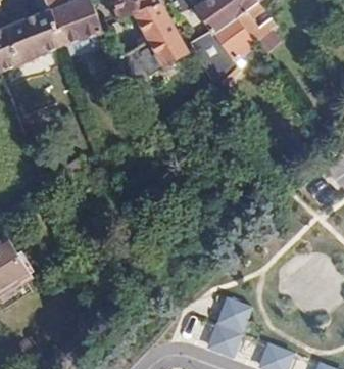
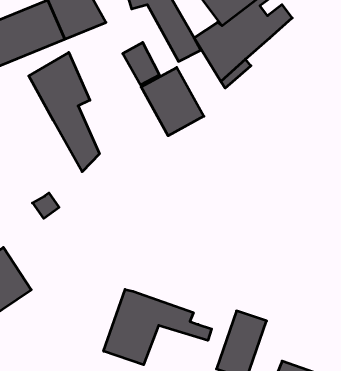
building: none -> [29,52,99,172]
building: none -> [141,67,204,136]
building: none -> [104,289,212,365]

